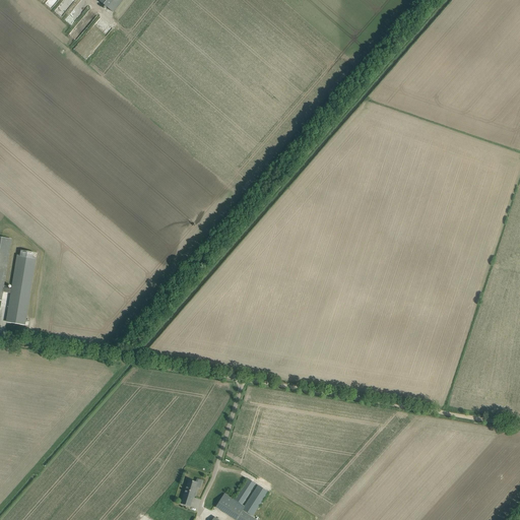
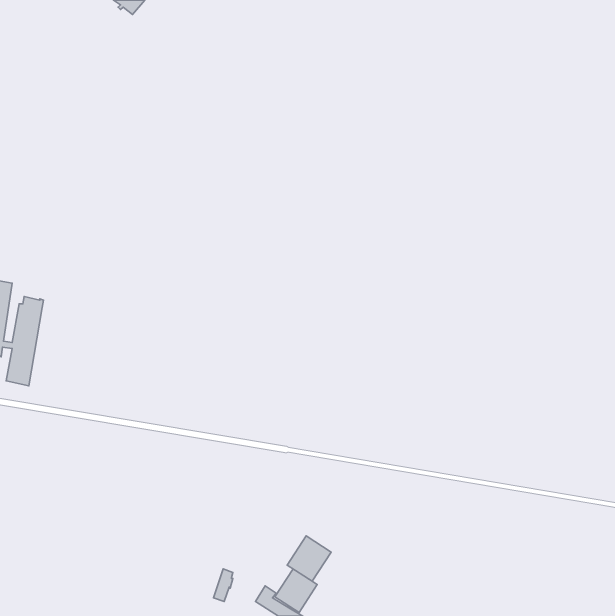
building: none -> [287,536,331,581]

